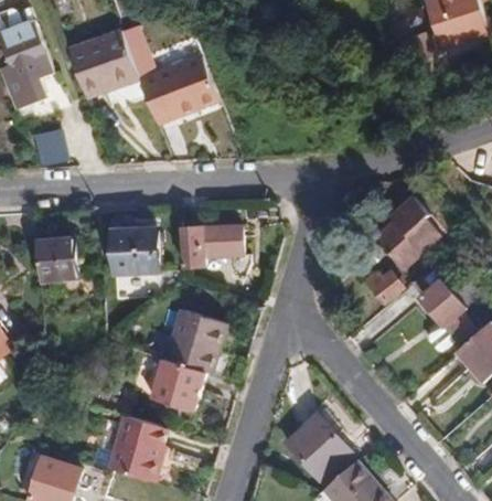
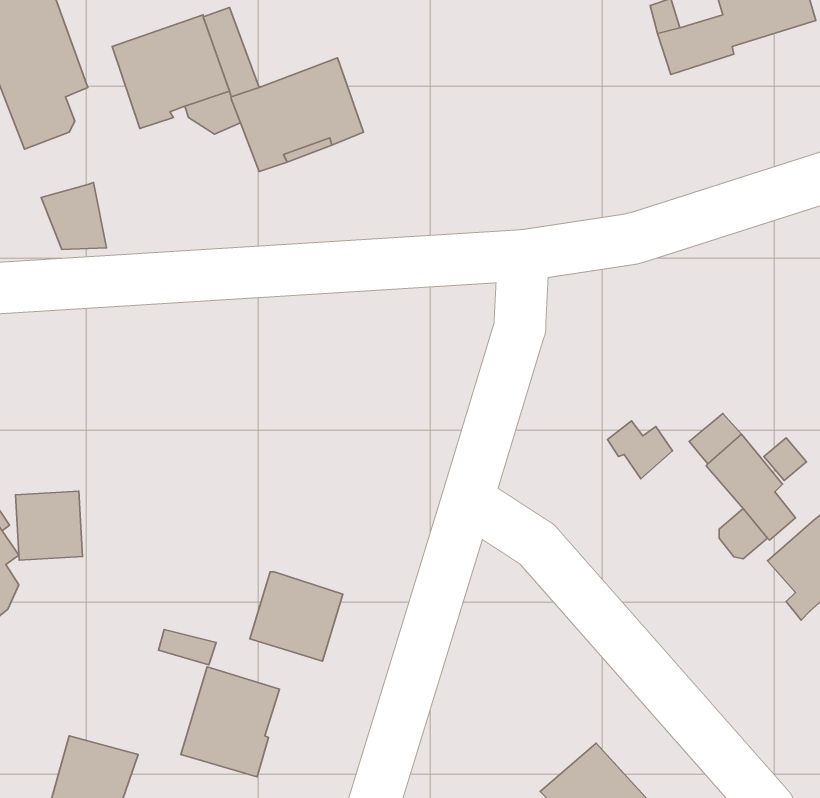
building: [374,195,439,268] -> none
building: [180,225,242,265] -> none
building: [111,228,159,273] -> none
building: [35,238,75,279] -> [16,491,83,560]
building: [164,308,227,373] -> none
building: [284,414,352,481] -> none

